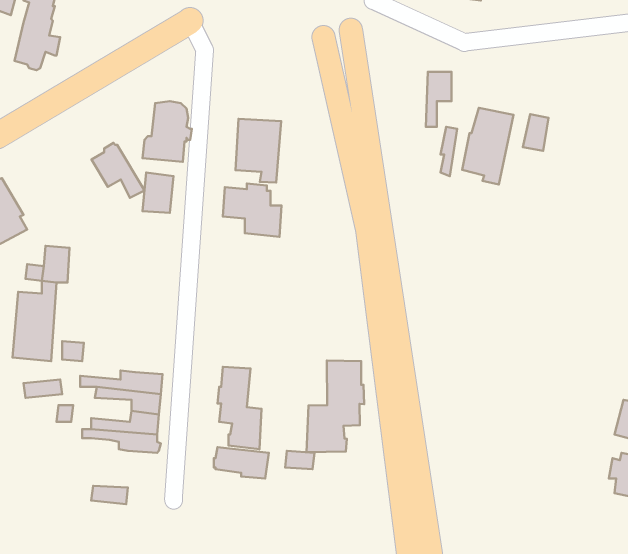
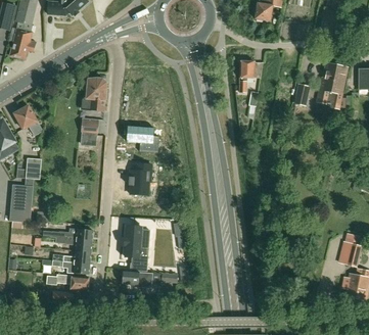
building: [462,108,513,185] -> [317,63,345,106]
building: [235,119,281,182] -> none
building: [91,143,144,198] -> [13,104,43,135]
building: none -> [128,163,150,195]
building: [306,360,364,452] -> none
building: none -> [46,274,88,291]

